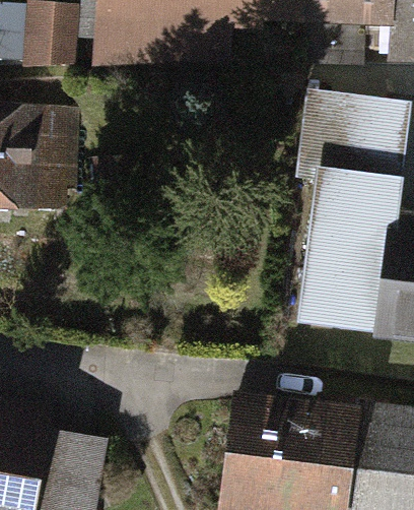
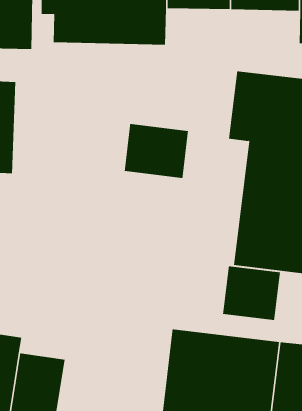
building: none -> [124,123,189,179]
building: none -> [223,265,281,321]

